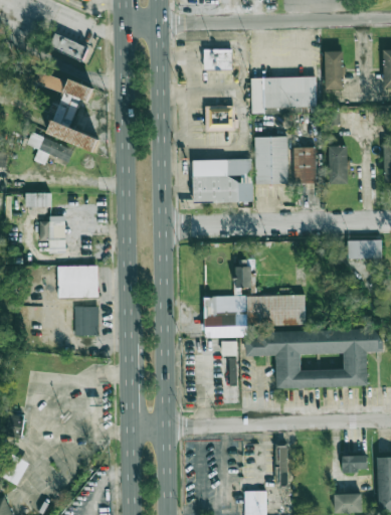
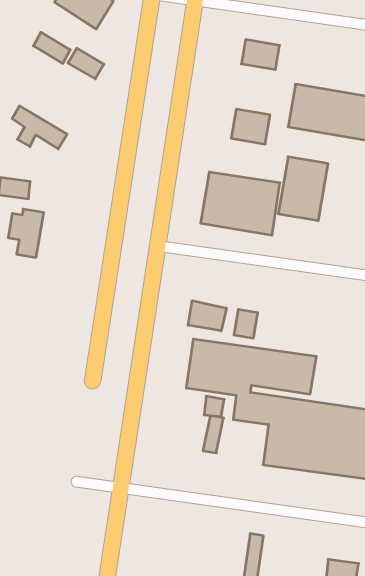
building: [47,99,100,152] -> none
building: [292,147,316,183] -> none
building: [57,266,99,298] -> none
building: none -> [188,301,226,331]
building: [74,307,99,334] -> none

